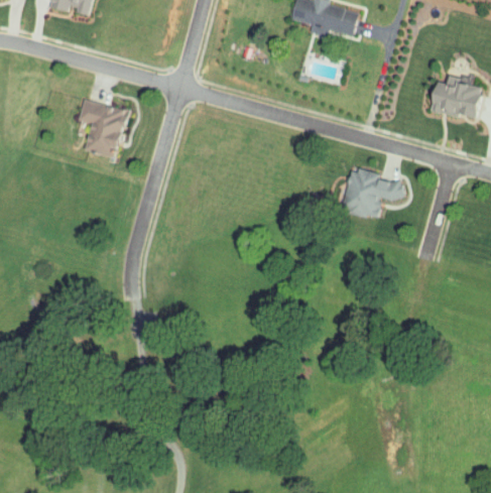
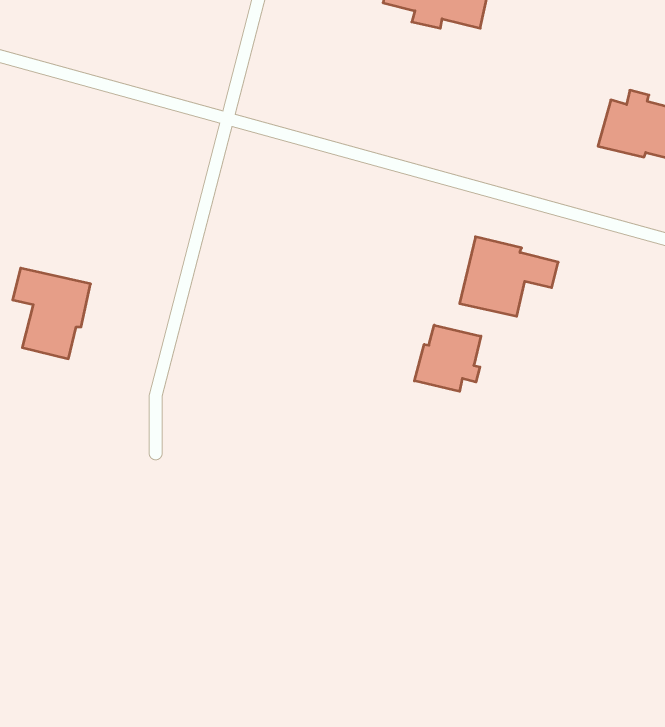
building: [79,99,128,156] -> [13,268,91,359]
building: none -> [414,325,481,391]

